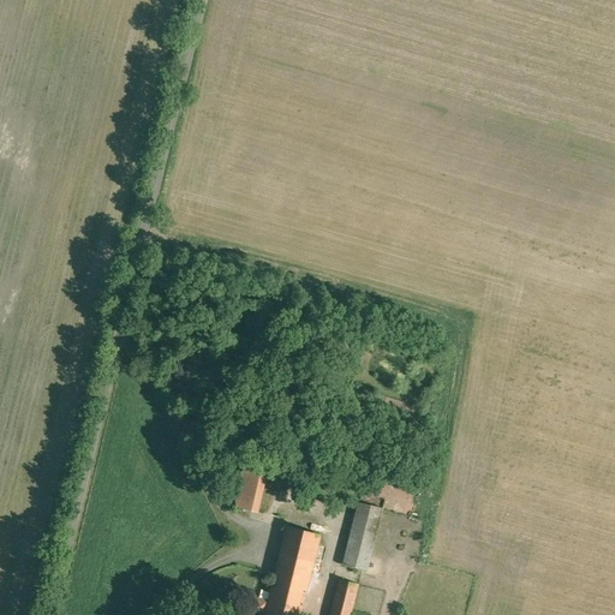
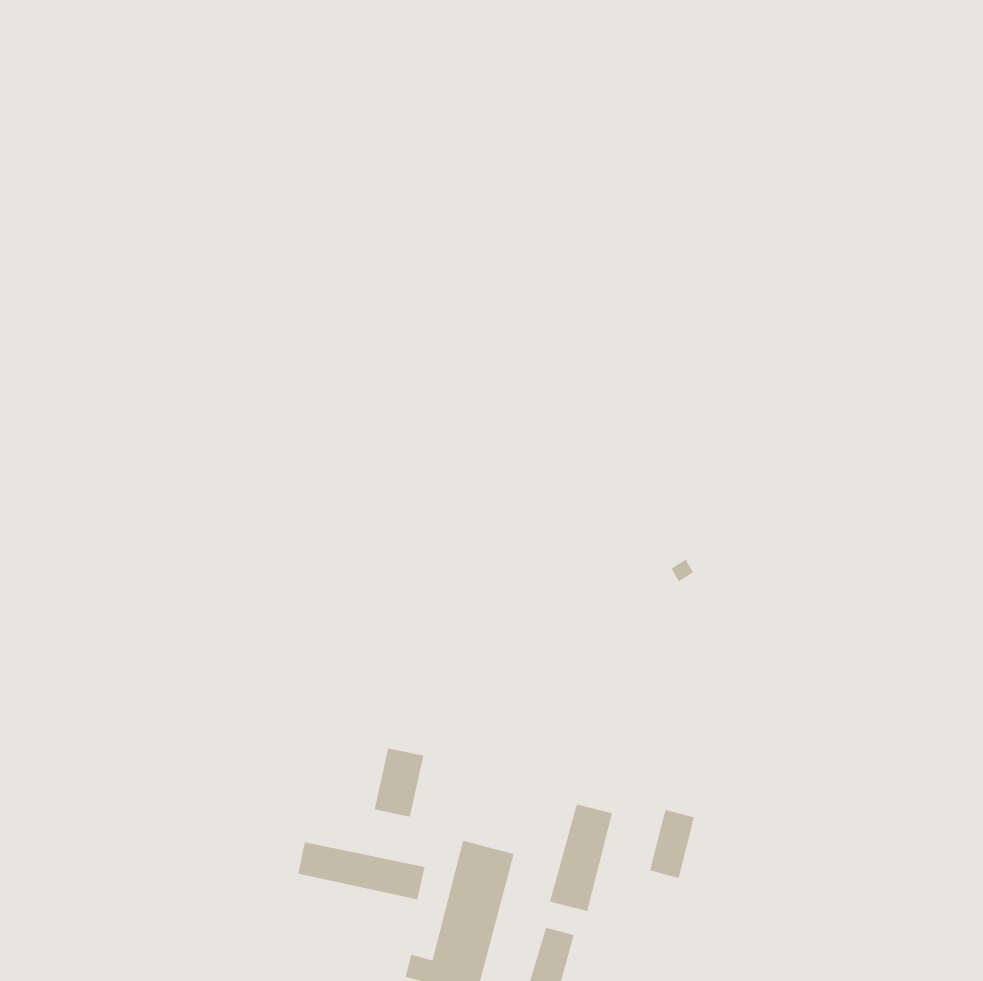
building: none -> [650,809,694,879]
building: none -> [298,842,425,900]

